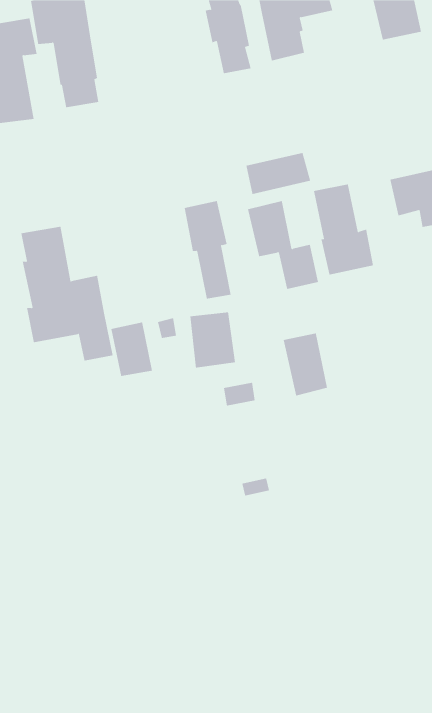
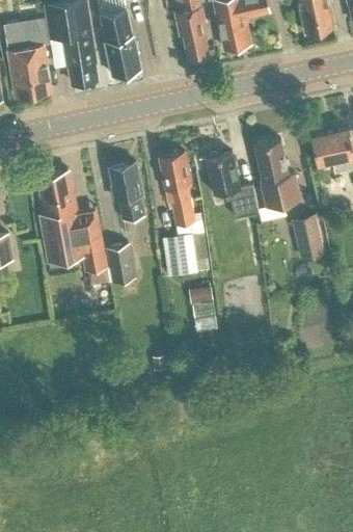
building: none -> [101,10,141,77]
building: [246,152,311,195] -> none
building: none -> [110,163,144,220]
building: [283,333,328,396] -> [293,215,326,262]

